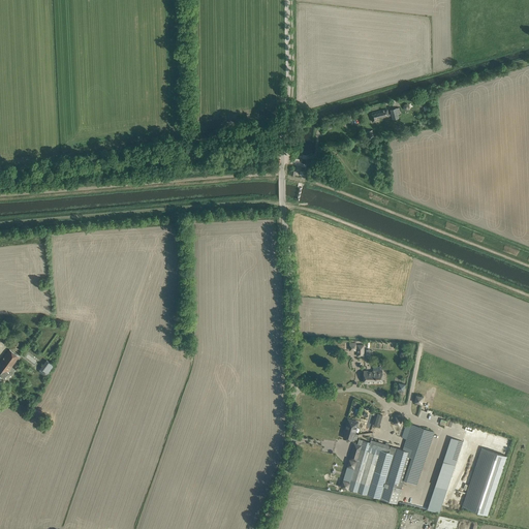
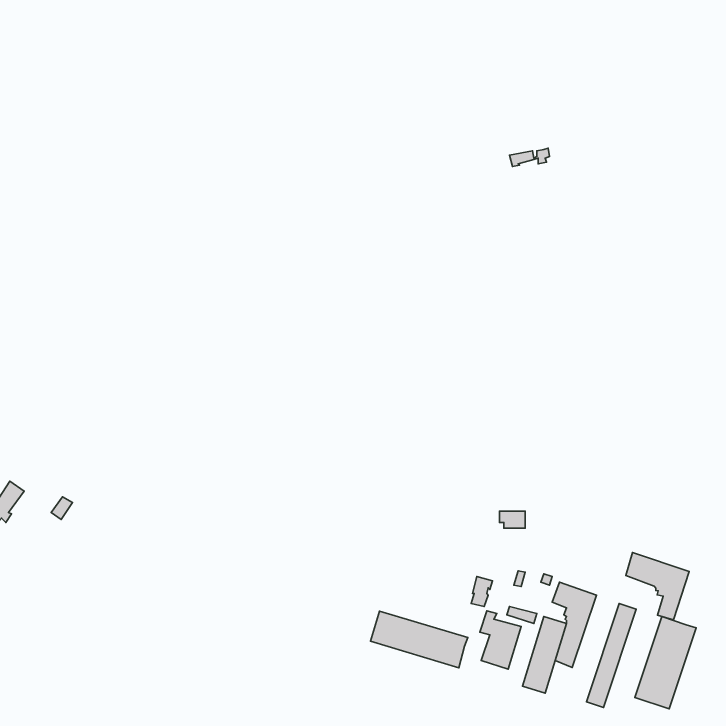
building: none -> [626,553,689,620]
building: none -> [370,611,468,668]

